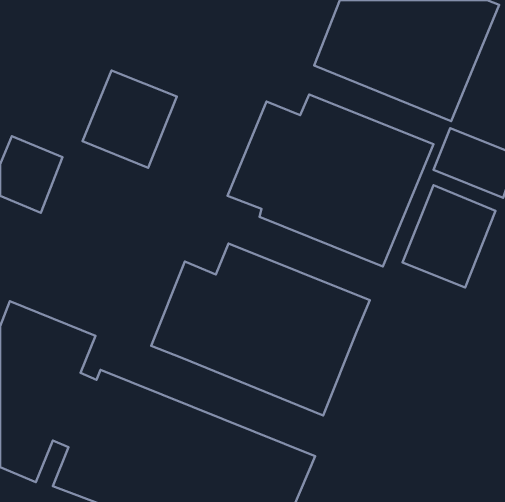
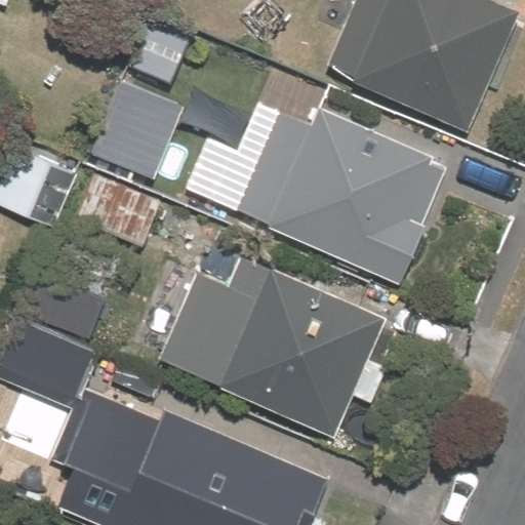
building: [402,185,496,287] -> none

